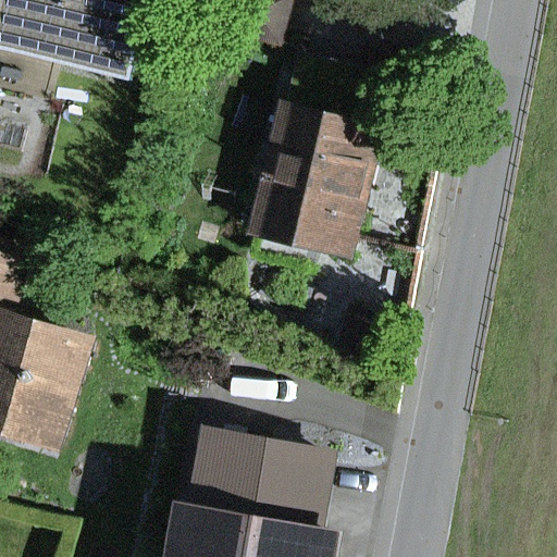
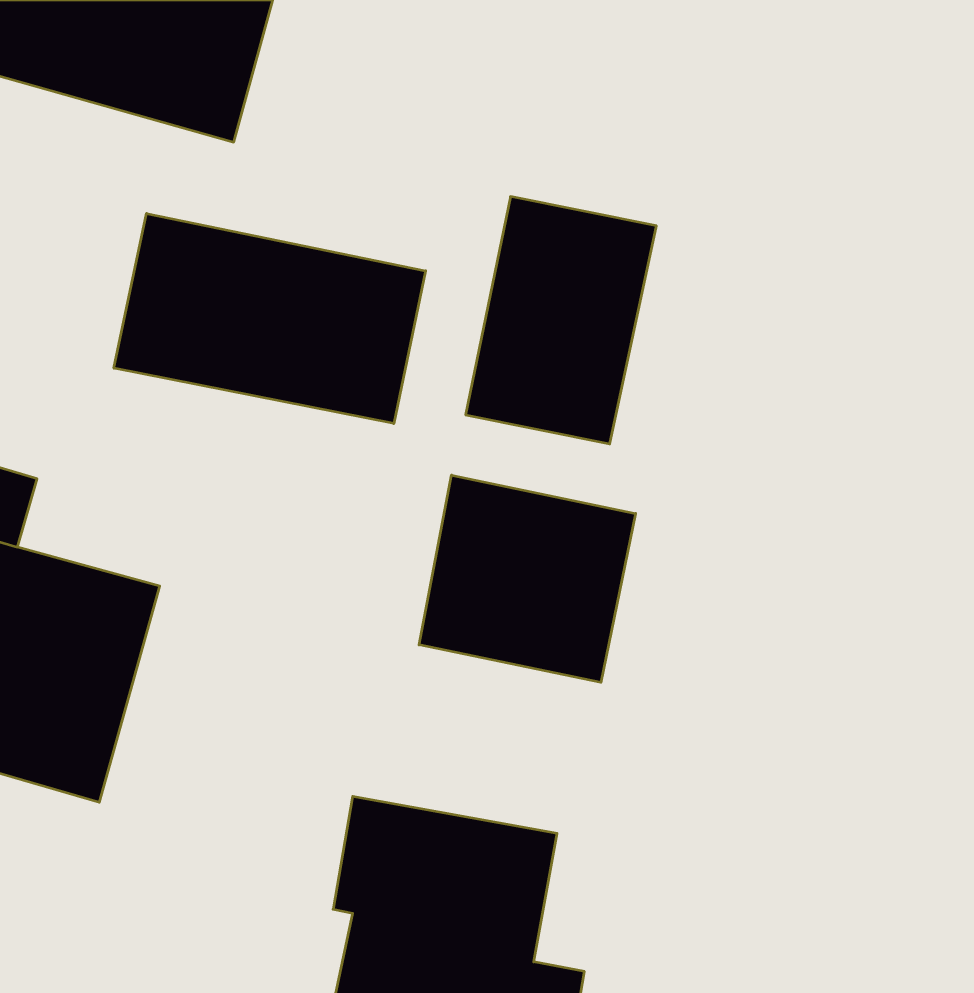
building: none -> [114,213,426,424]
building: none -> [419,475,636,682]

